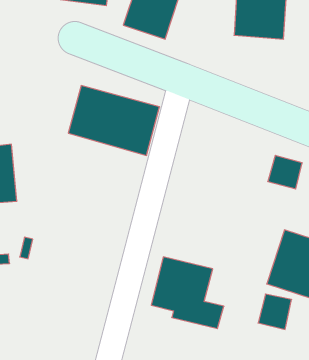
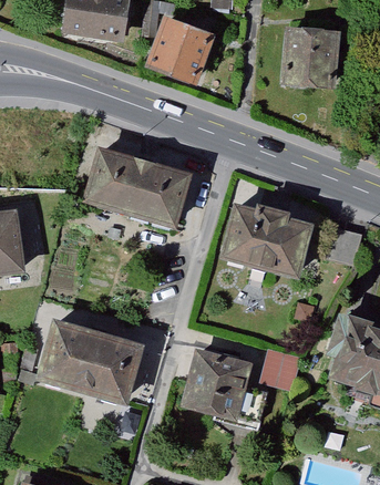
building: none -> [217,192,319,274]
building: none -> [35,321,144,402]
building: [258,294,292,329] -> [254,348,294,390]

